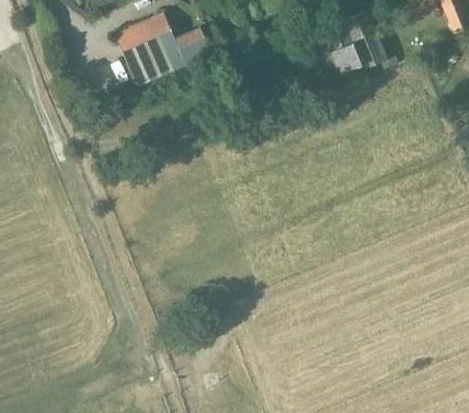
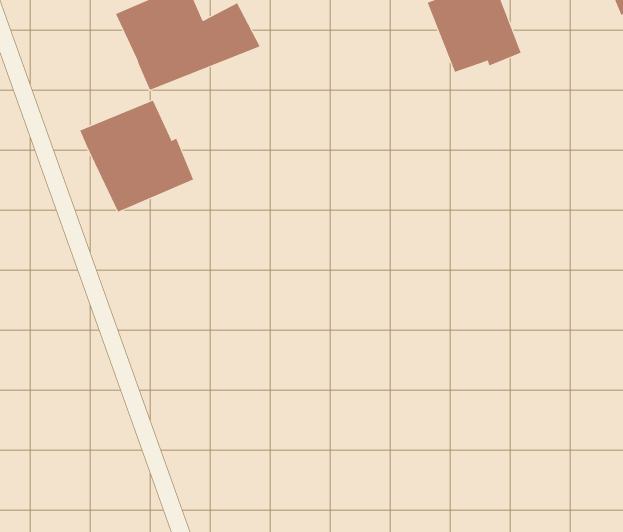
building: none -> [79,100,194,213]

